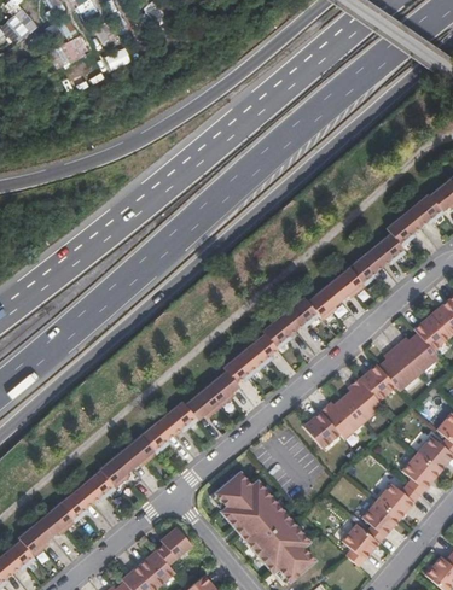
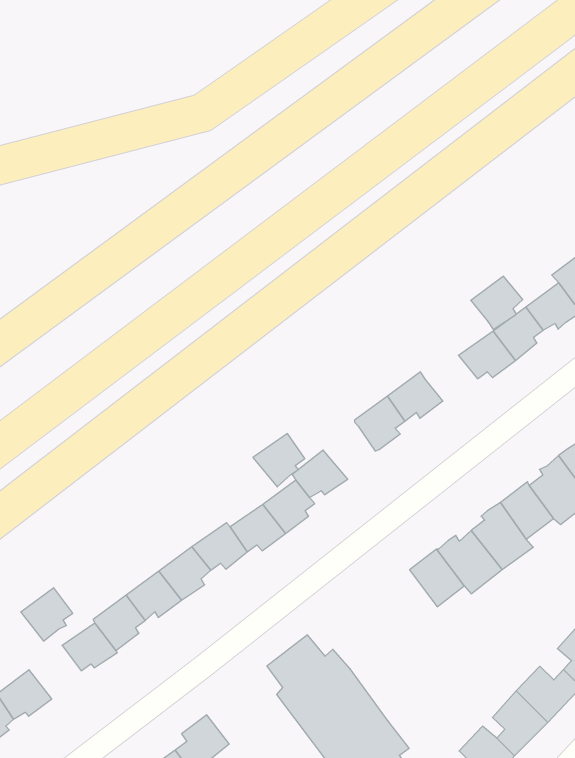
building: [307,284,341,319] -> [471,276,523,330]
building: [243,333,277,368] -> [253,434,305,487]
building: [59,486,93,521] -> [21,588,73,641]

